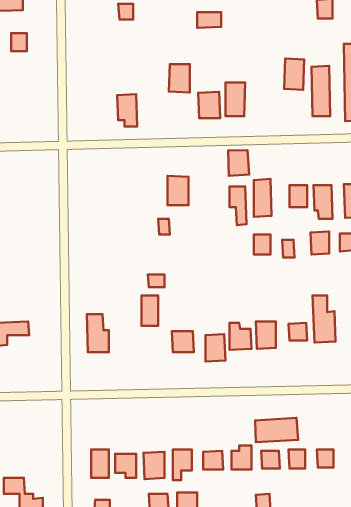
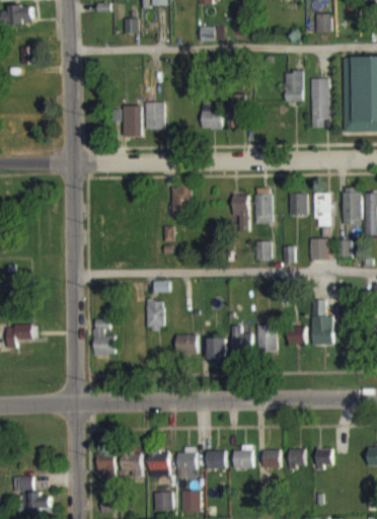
building: [169,64,190,92] -> [144,102,164,130]
building: [228,150,249,176] -> none
building: [255,418,298,442] -> none

